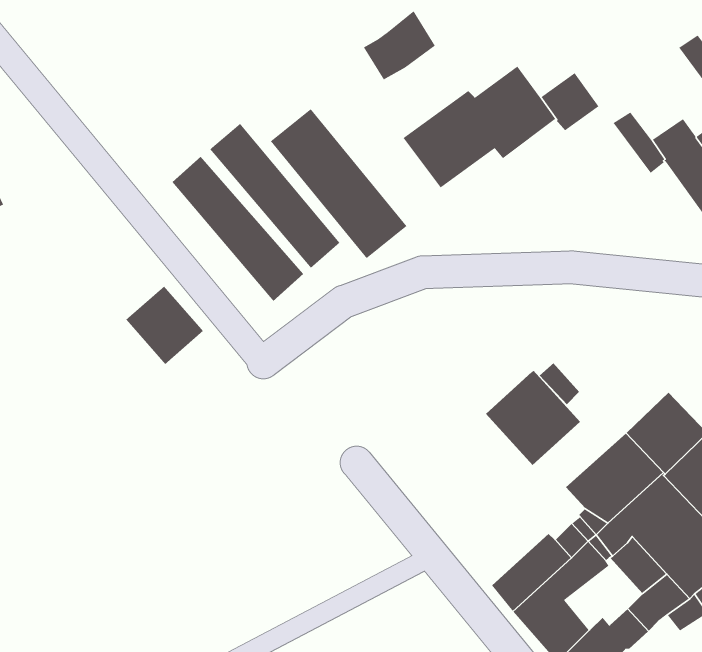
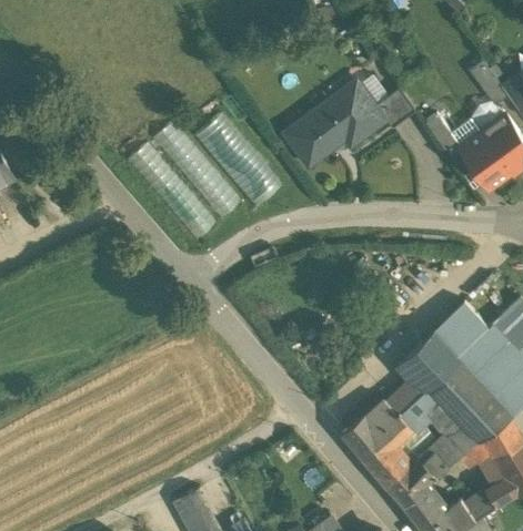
building: [363,10,436,80] -> none
building: [125,286,204,365] -> none
building: [485,370,581,466] -> none

